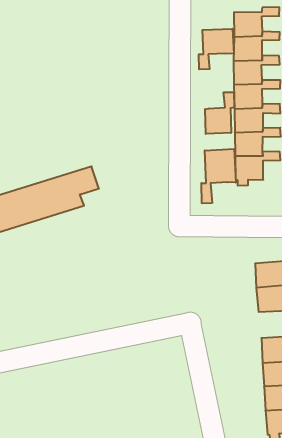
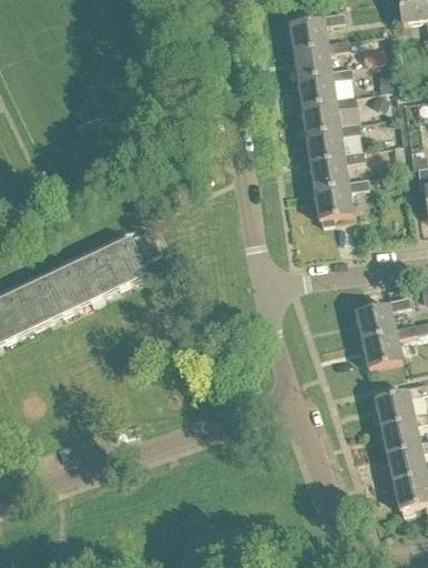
building: [199,29,234,69] -> none
building: [205,92,234,134] -> none
building: [201,149,236,203] -> none

